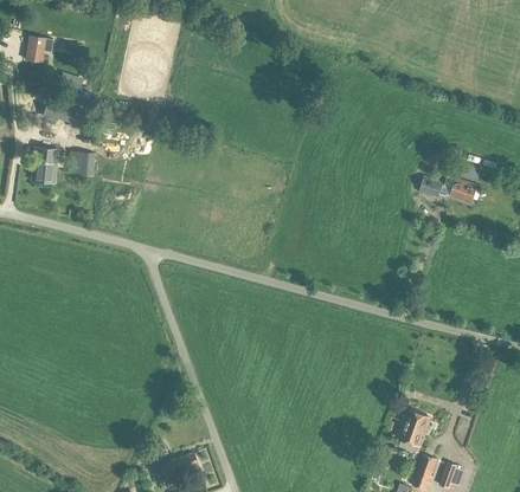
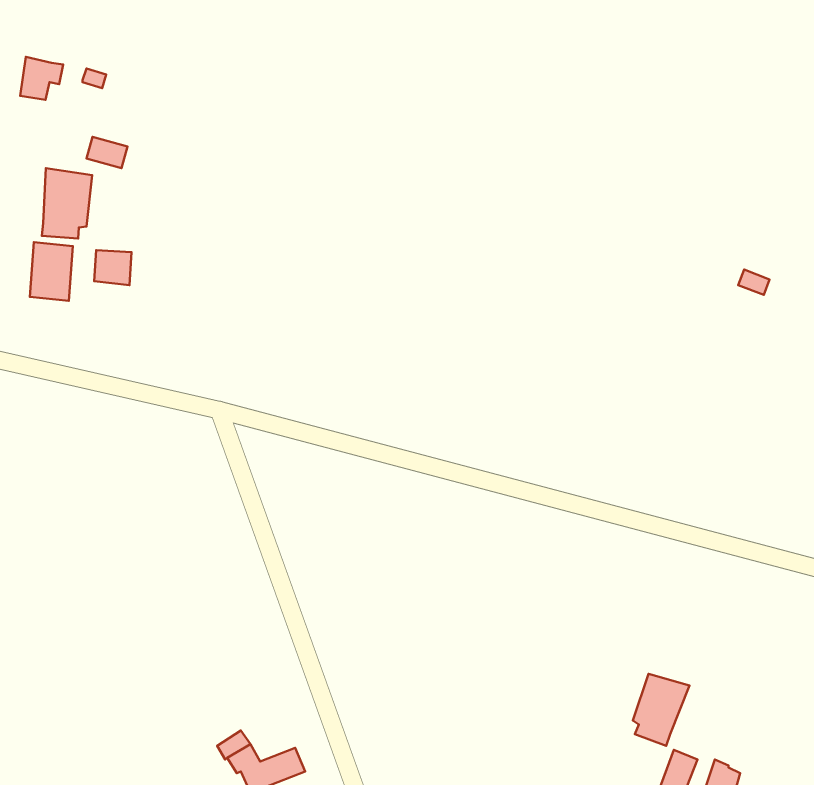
building: none -> [42,168,92,239]
building: [418,175,476,203] -> none

